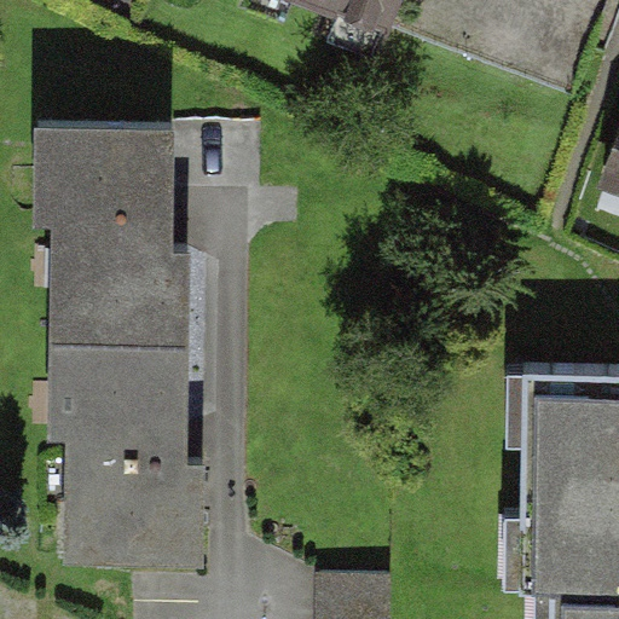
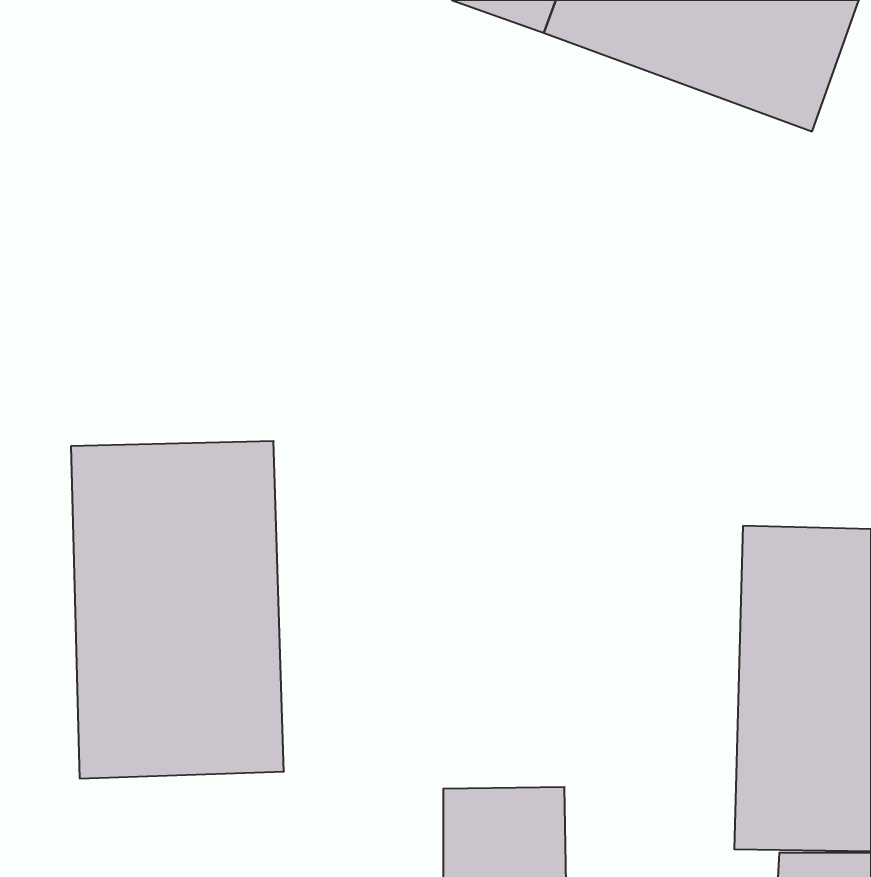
building: [45,118,191,317] -> none

